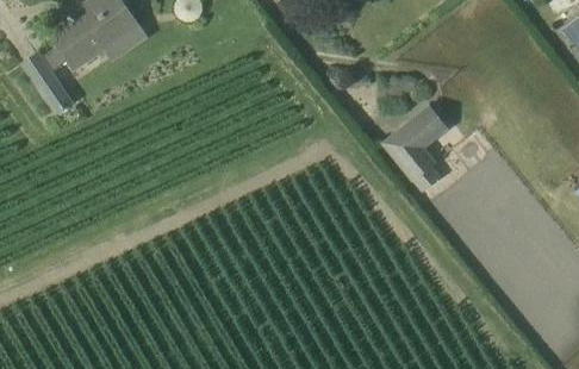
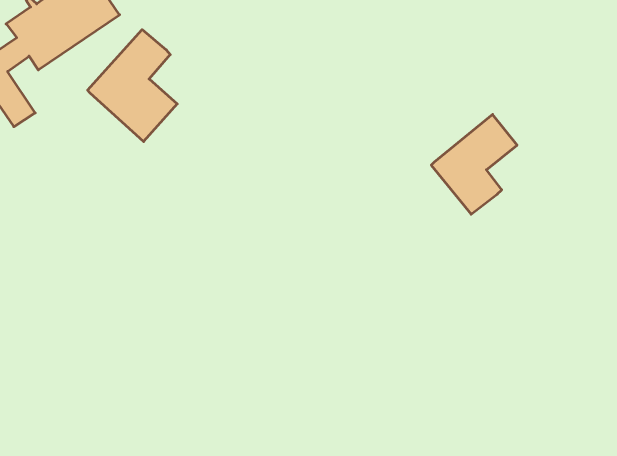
building: none -> [88,30,177,142]

